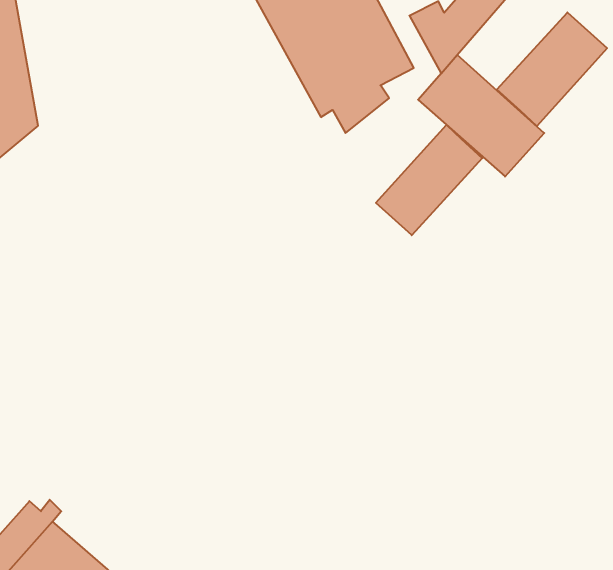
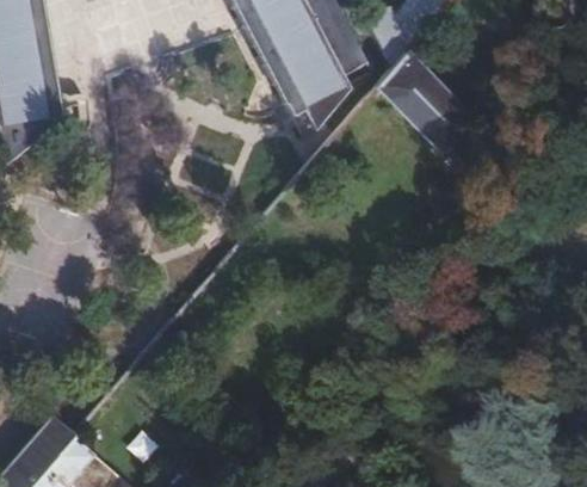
building: [497,12,607,126] -> none
building: [376,125,482,235] -> none

